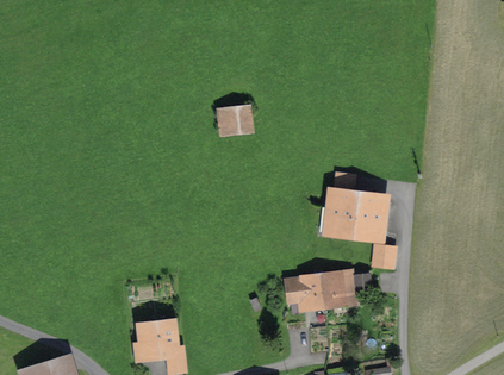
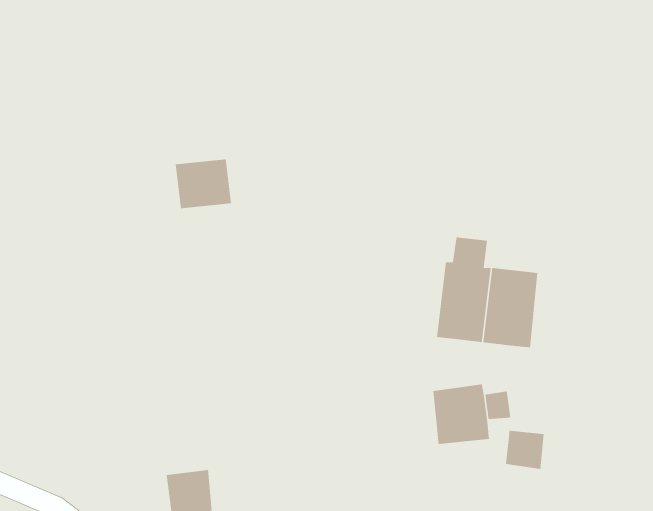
building: [214,101,253,135] -> [175,159,232,209]
building: [369,244,396,270] -> [505,430,545,470]
building: [282,274,322,314] -> none

